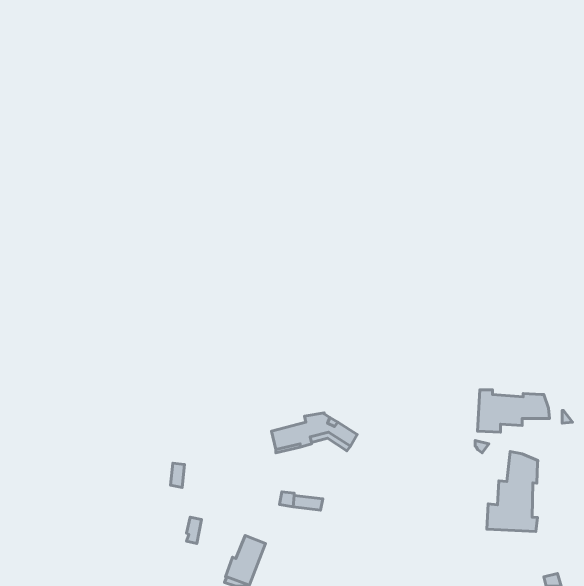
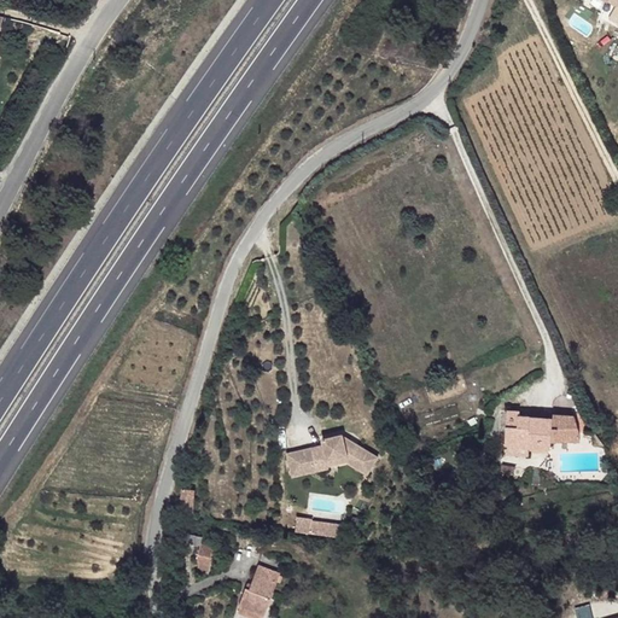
building: [487,451,538,531] -> none

